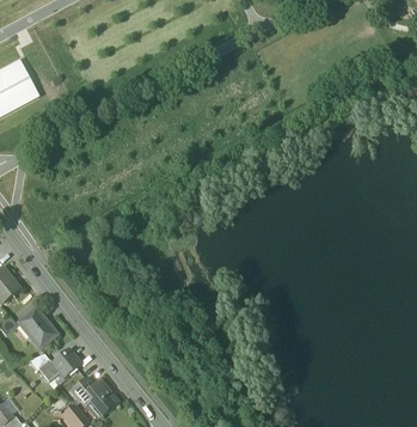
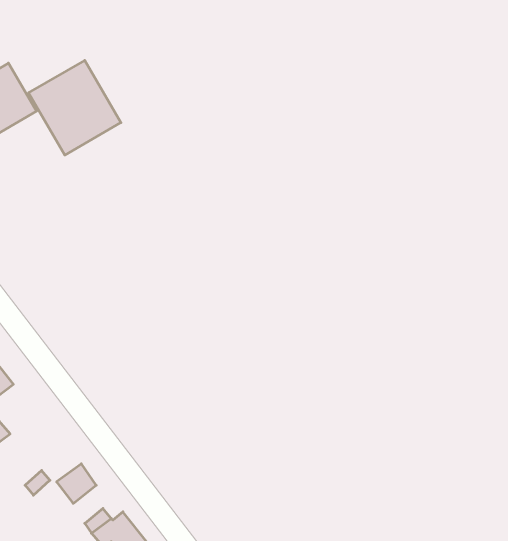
building: none -> [29,60,121,155]
building: [20,307,57,347] -> none

